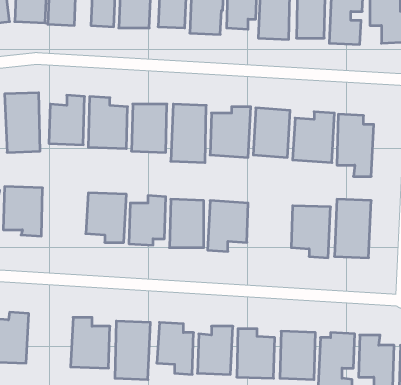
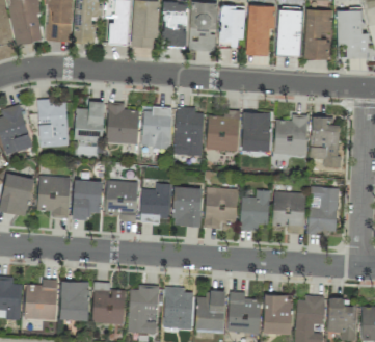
building: none -> [73,180,102,219]
building: none -> [241,190,270,231]
building: none -> [61,281,89,319]

